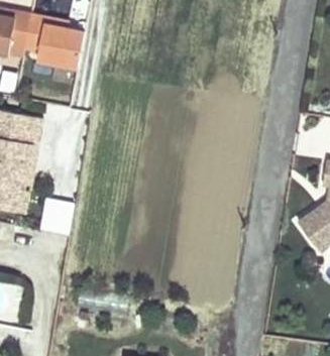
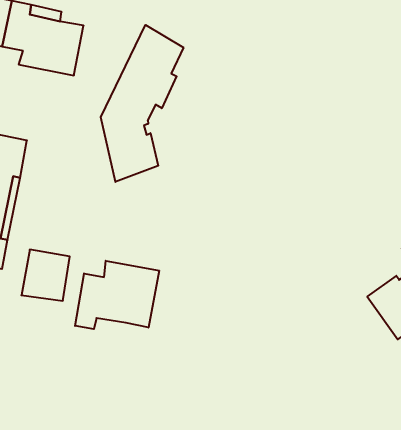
building: none -> [101,25,183,182]
building: none -> [75,261,159,329]

